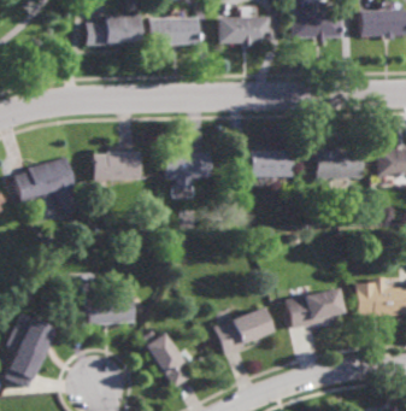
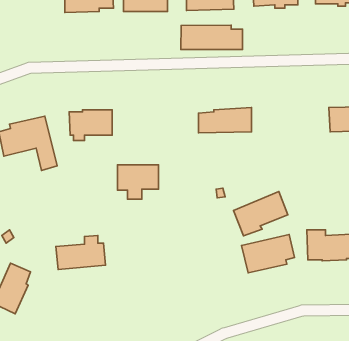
building: none -> [181,25,243,50]
building: [317,148,363,177] -> none
building: [166,151,211,188] -> [117,165,158,199]
building: [212,306,271,354] -> [234,192,288,236]
building: [141,330,192,388] -> none

